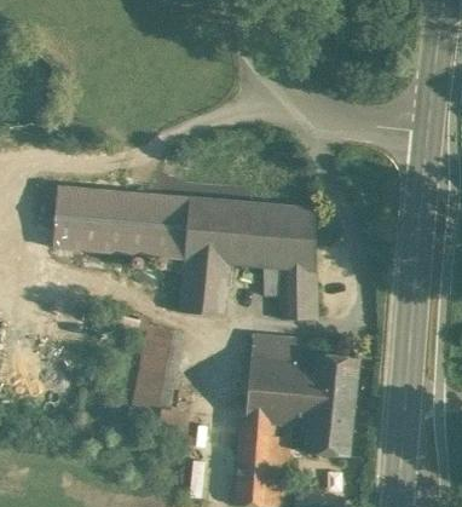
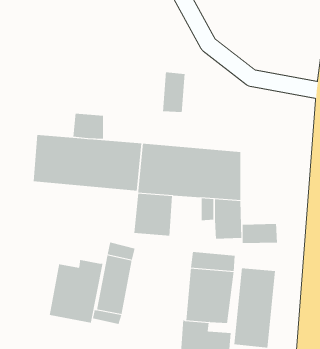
building: none -> [162,71,185,113]
building: none -> [73,113,104,140]
building: none -> [242,223,277,244]
building: none -> [49,259,103,324]

